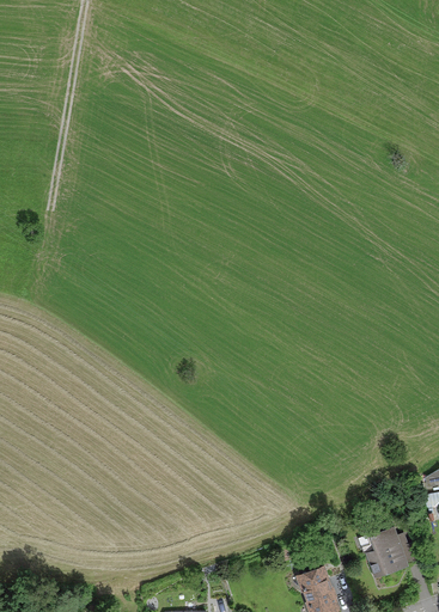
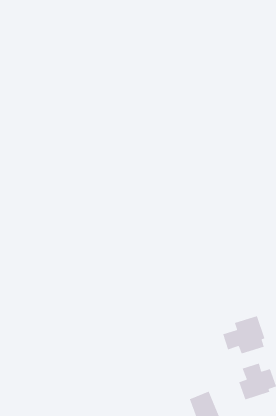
building: none -> [222,315,266,354]

